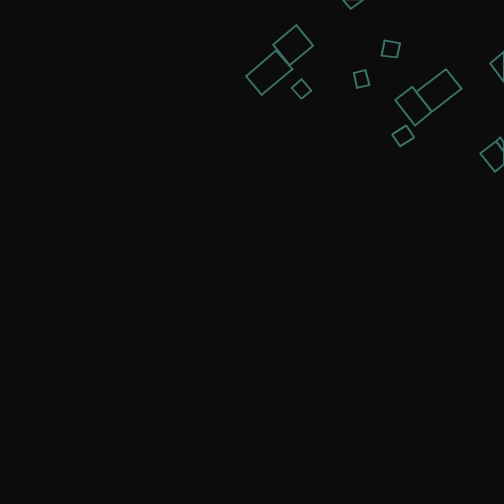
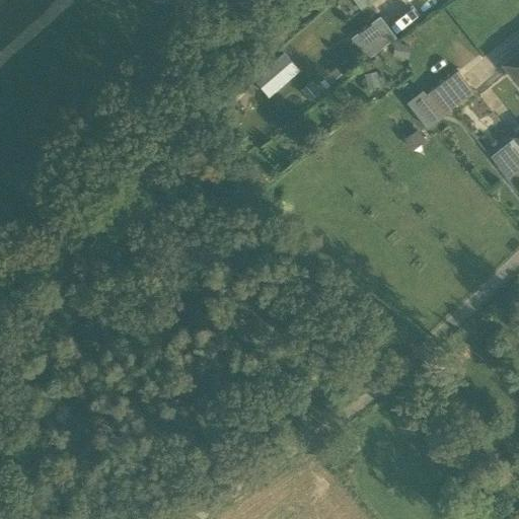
building: none -> [351,16,395,59]
building: [273,25,313,65] -> none

